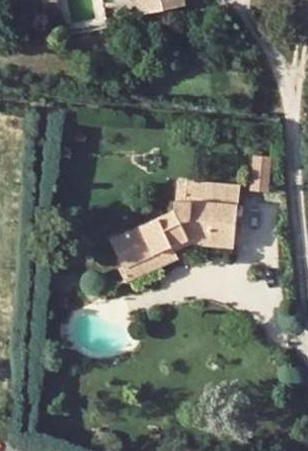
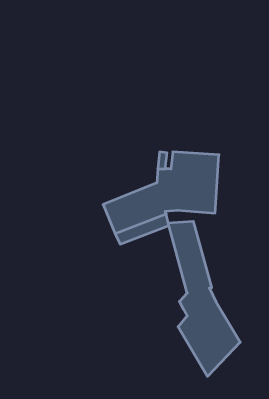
building: none -> [168,221,240,376]

